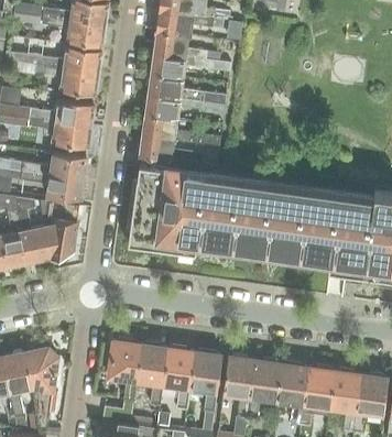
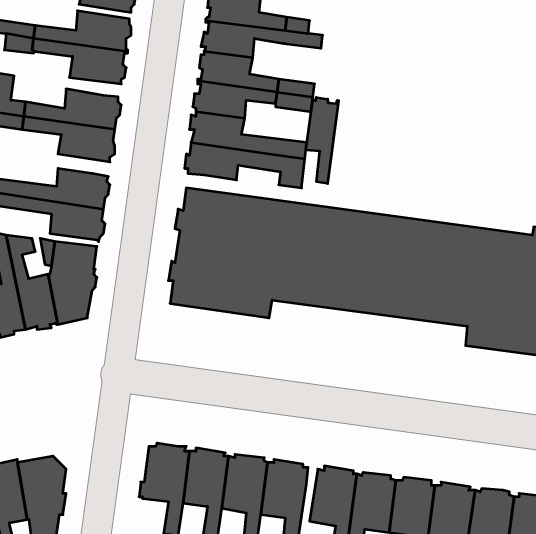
building: none -> [306,97,339,184]

